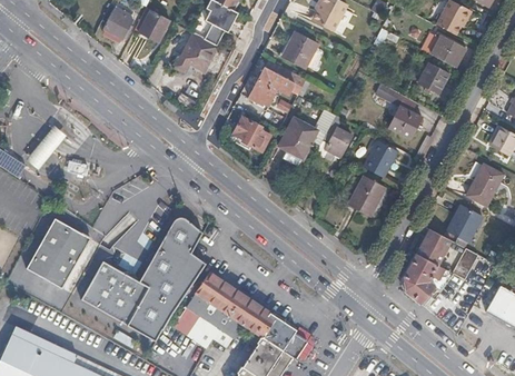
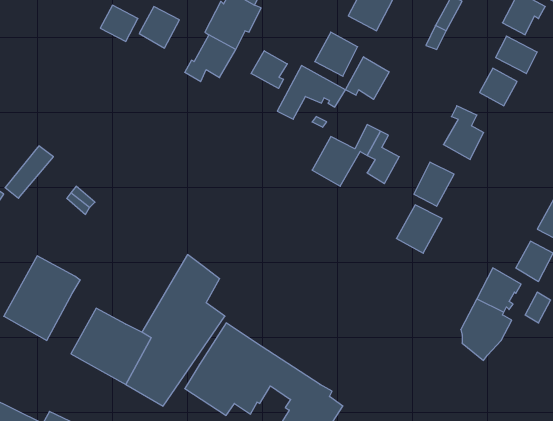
building: none -> [251,51,287,88]
building: none -> [346,57,389,99]
building: [234,117,271,151] -> none

